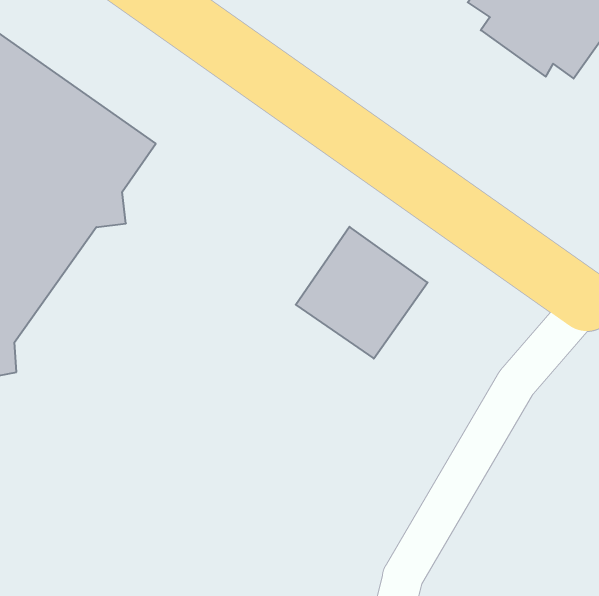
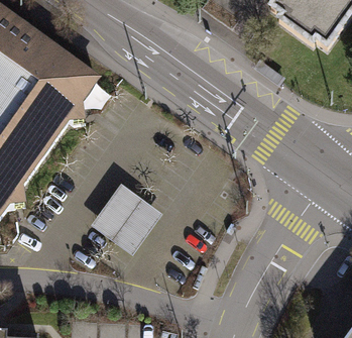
building: [296,227,428,359] -> [91,184,162,255]

